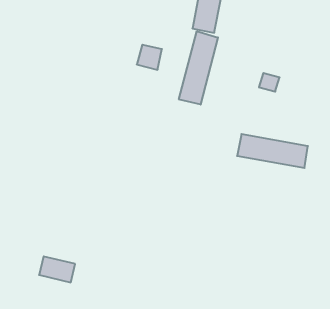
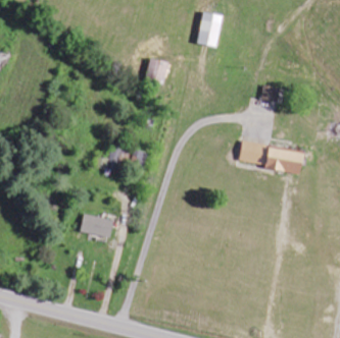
building: [179,31,218,105] -> none
building: [39,256,75,282] -> [80,213,113,237]

